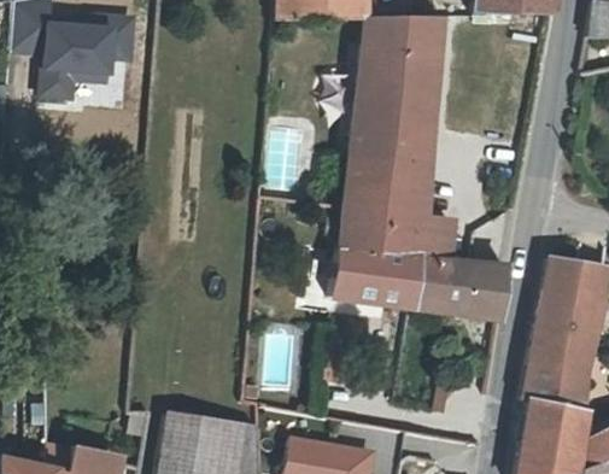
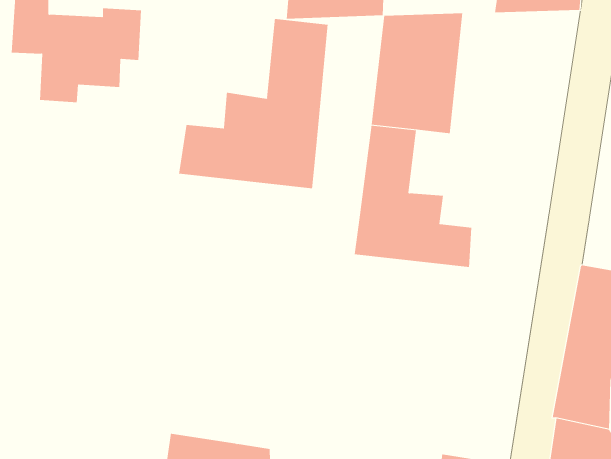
building: none -> [178,18,328,189]
building: [391,128,429,189] -> none
building: [333,245,508,316] -> none

